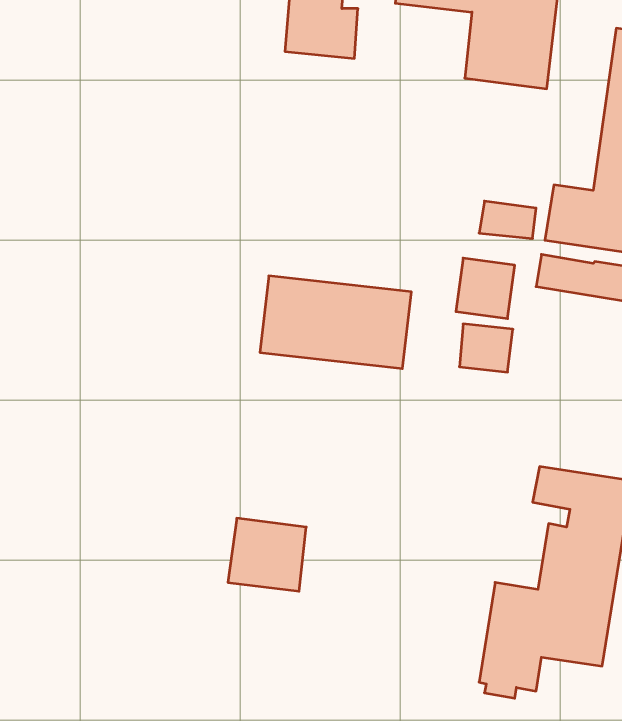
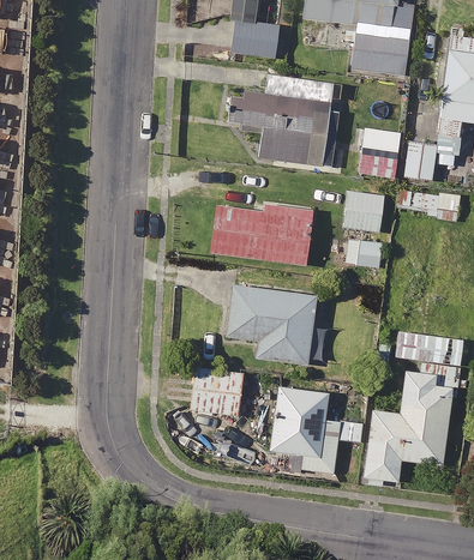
building: none -> [227,77,334,167]
building: none -> [226,282,318,365]
building: none -> [268,386,361,472]

